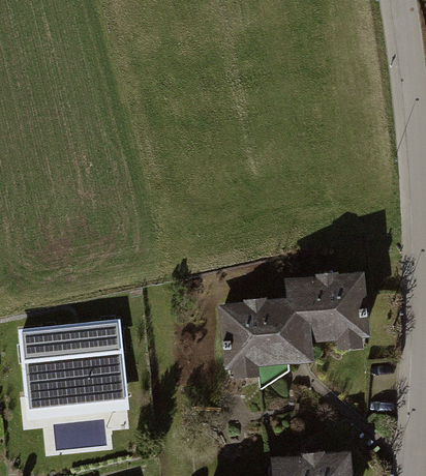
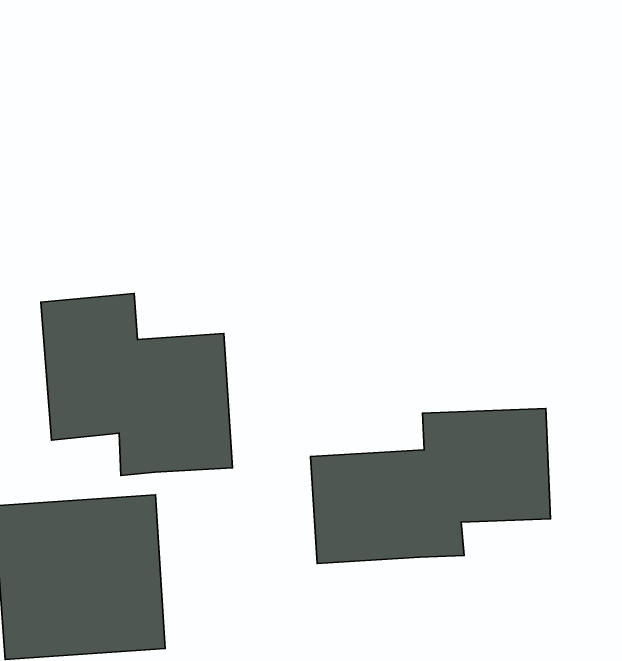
building: none -> [41,293,233,475]

